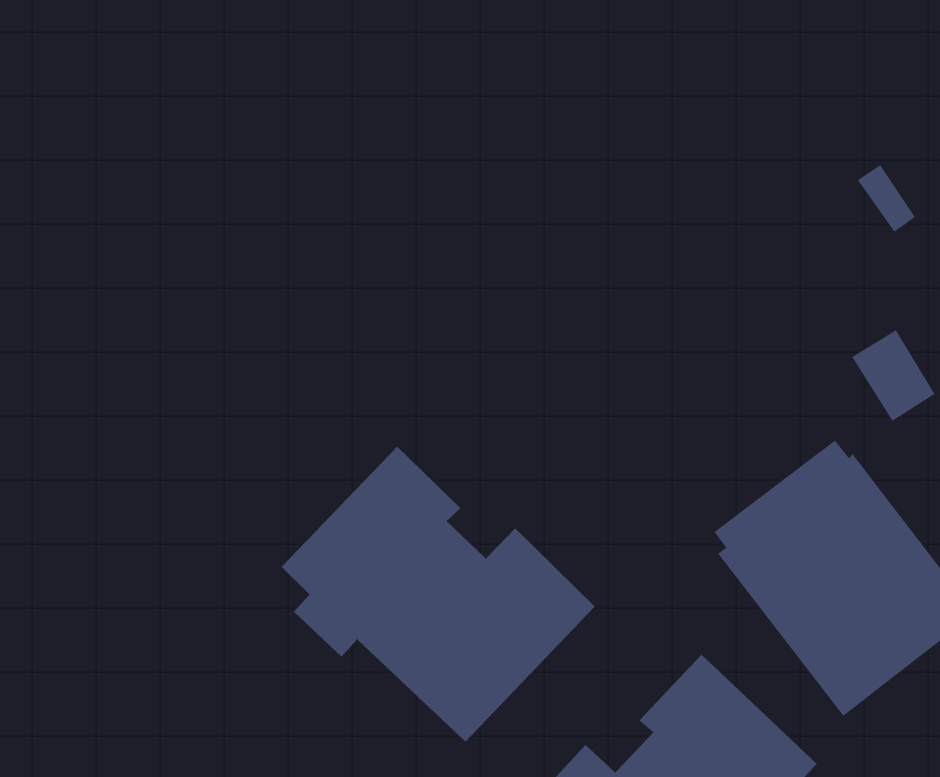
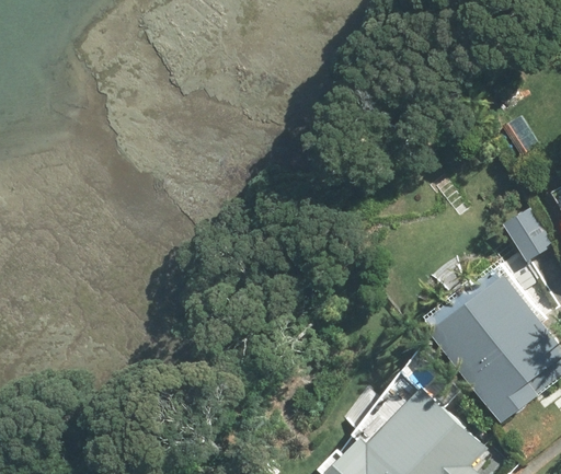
building: [281,446,596,743] -> none

